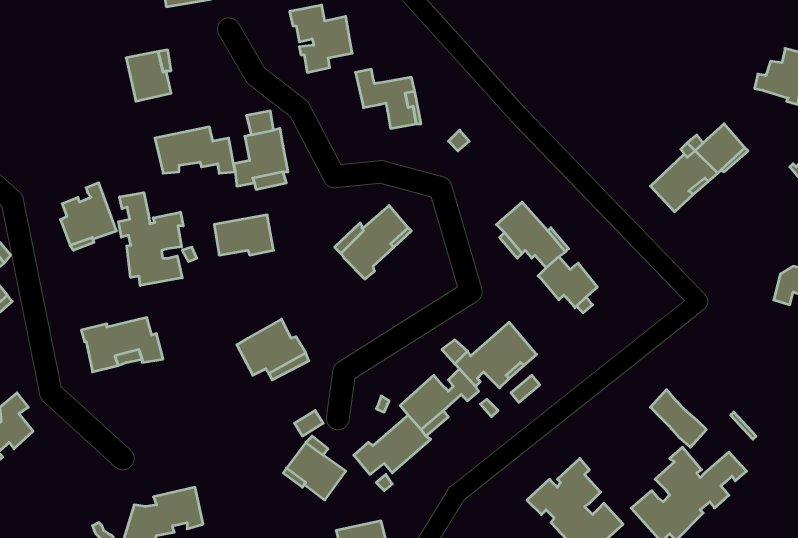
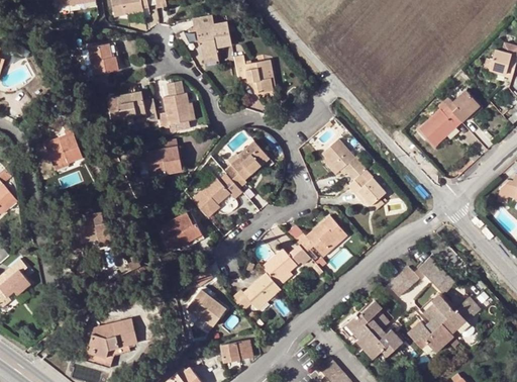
building: [118,193,183,286] -> none
building: none -> [192,175,242,217]
building: none -> [388,267,418,297]

